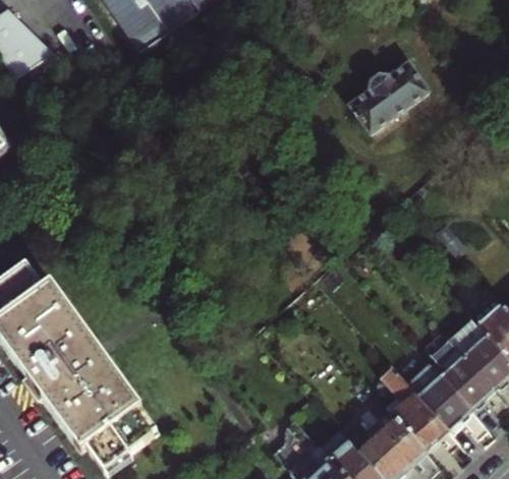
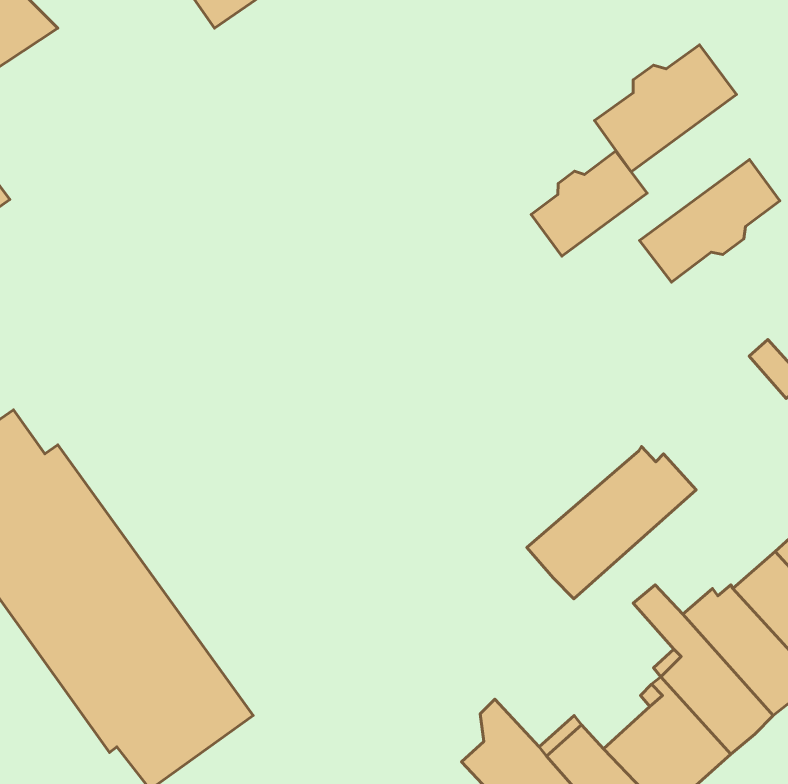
building: none -> [531,151,647,256]
building: none -> [639,159,780,282]
building: none -> [527,447,696,599]

